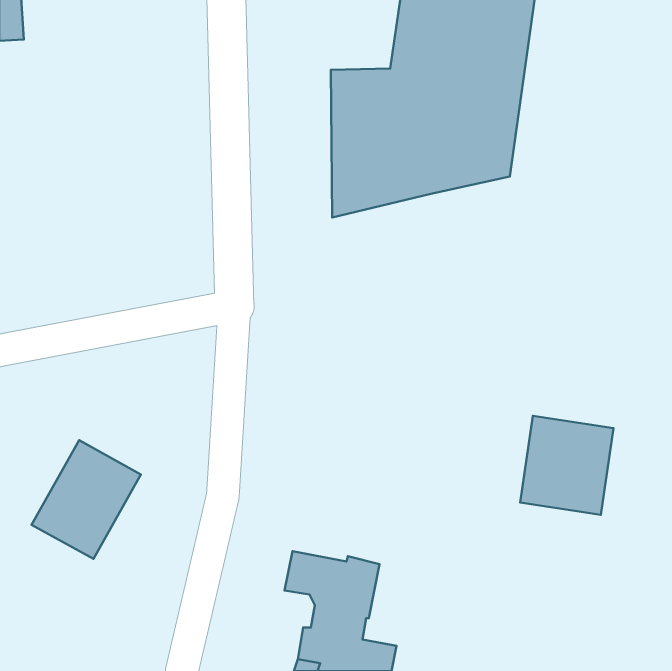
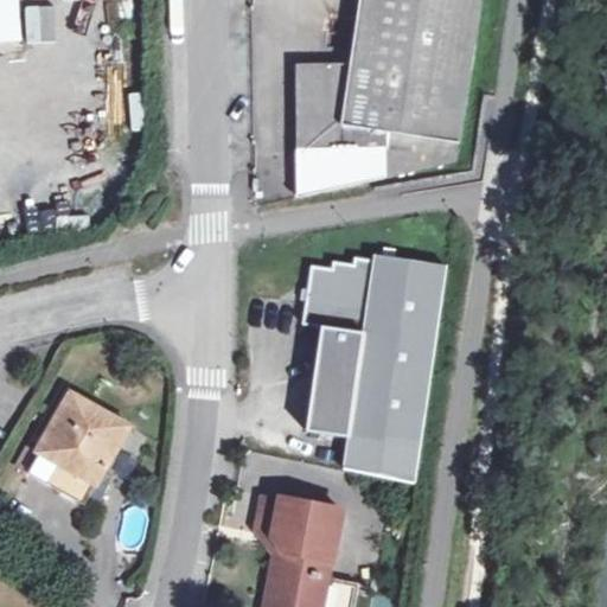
building: none -> [301,255,446,479]
building: [520,416,613,515] -> none

